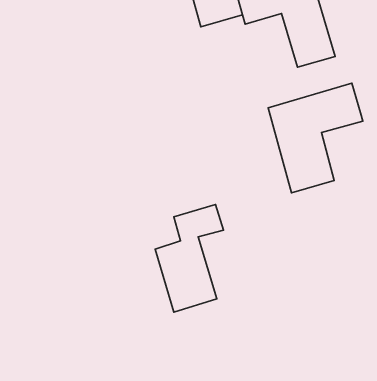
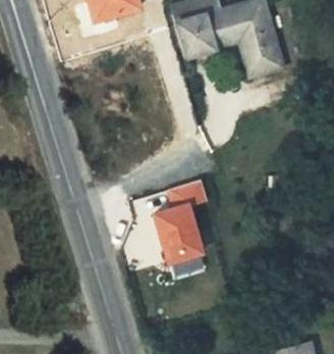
building: [268,83,363,193] -> none

